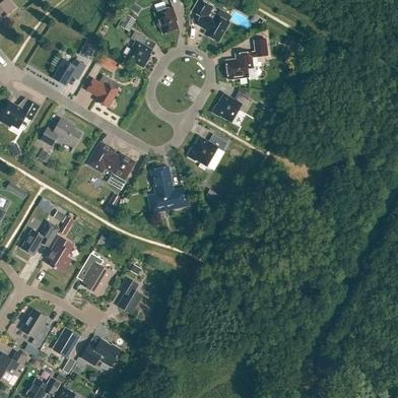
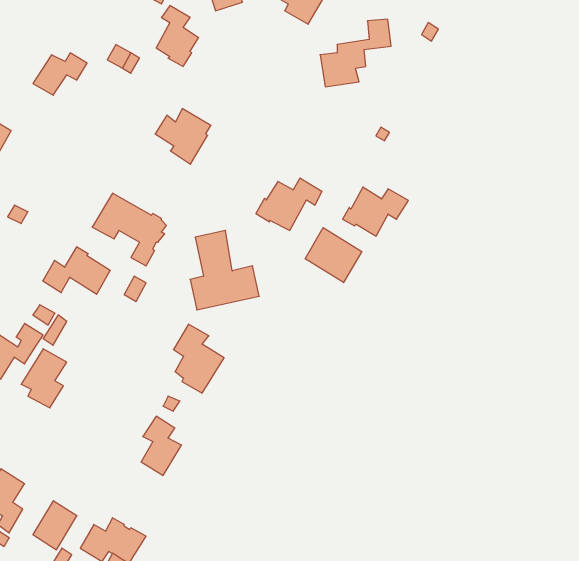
building: [86,74,120,108] -> [155,109,211,164]
building: [211,92,251,122] -> [343,187,408,236]
building: [41,119,81,147] -> [43,247,110,294]
building: none -> [305,228,362,283]
building: [82,253,113,294] -> [173,324,224,393]

